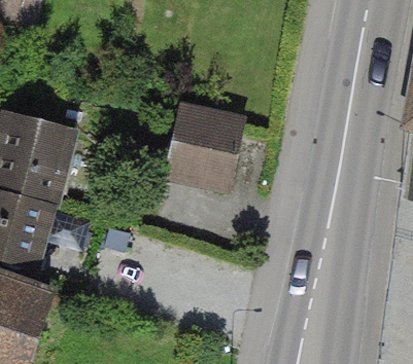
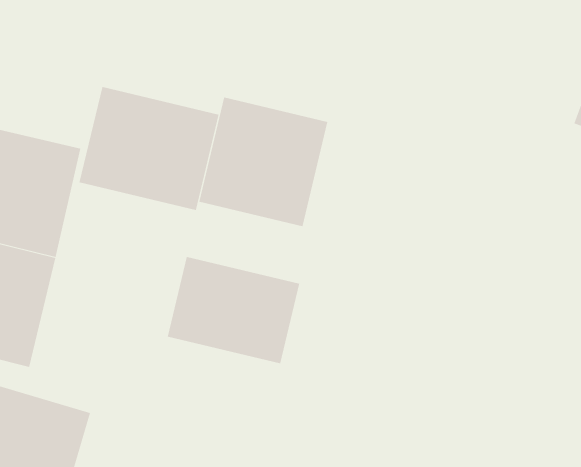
building: none -> [79,86,219,211]
building: none -> [167,256,300,364]

